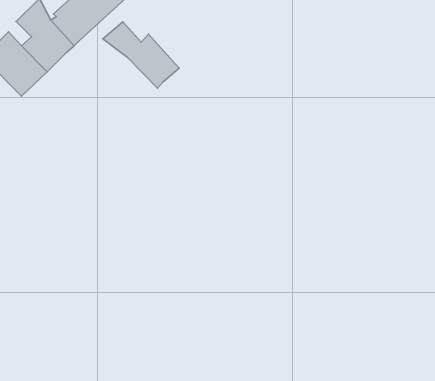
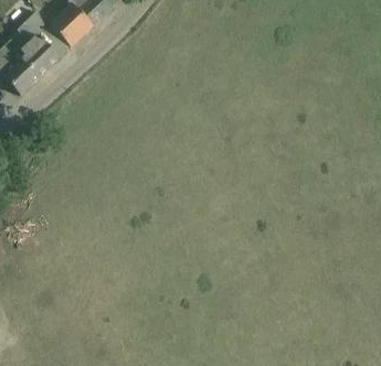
building: [103,22,179,88] -> none

